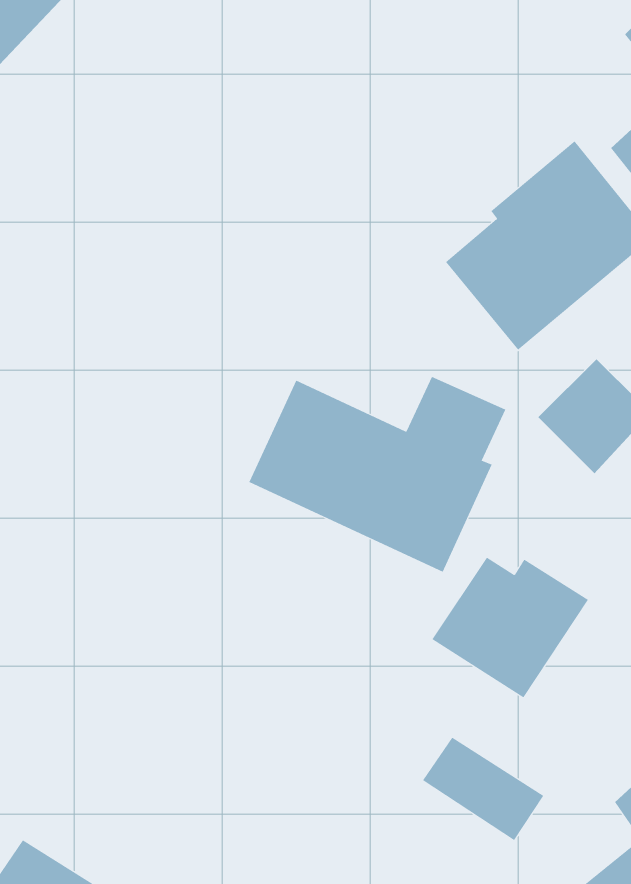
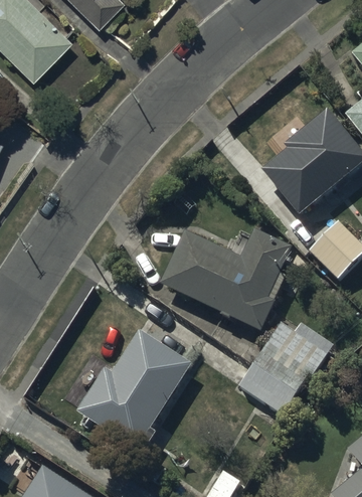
building: none -> [78,334,192,455]
building: [422,737,544,841] -> [238,366,301,420]

